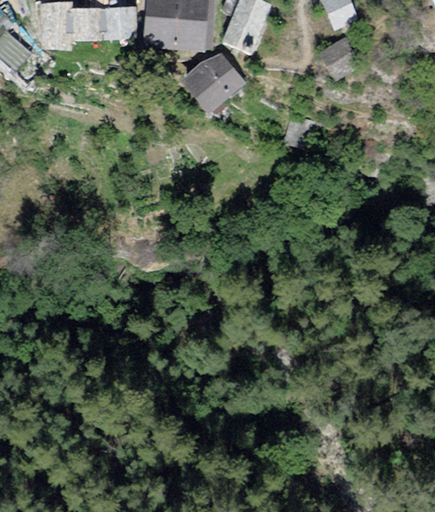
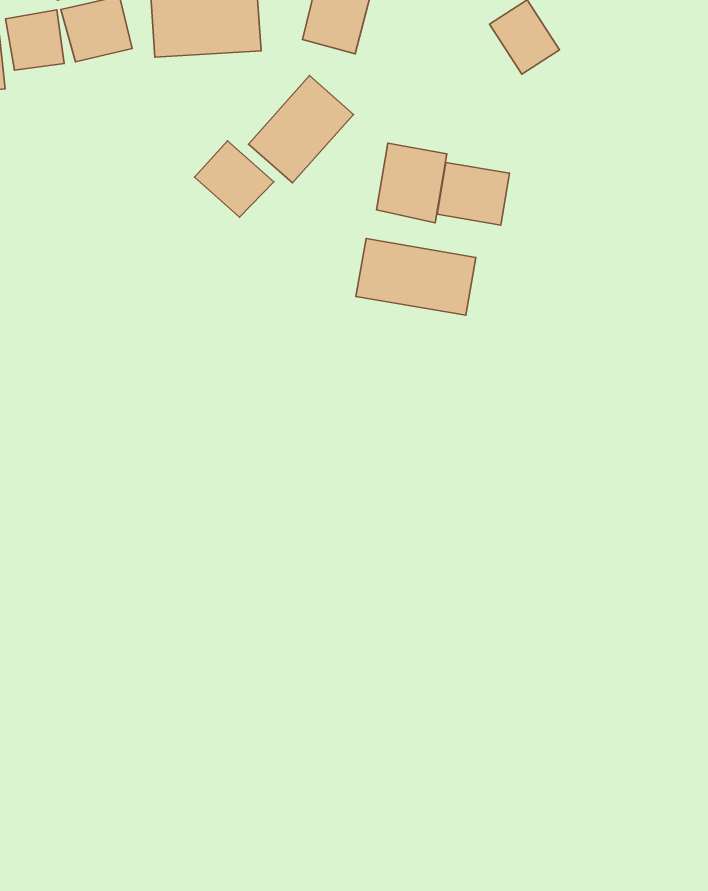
building: none -> [195,141,274,217]
building: none -> [377,143,447,223]
building: none -> [356,239,476,315]

